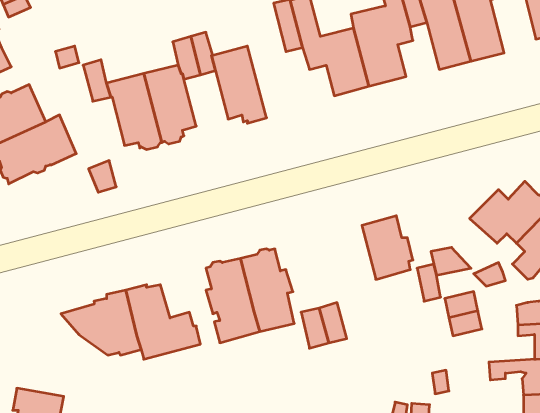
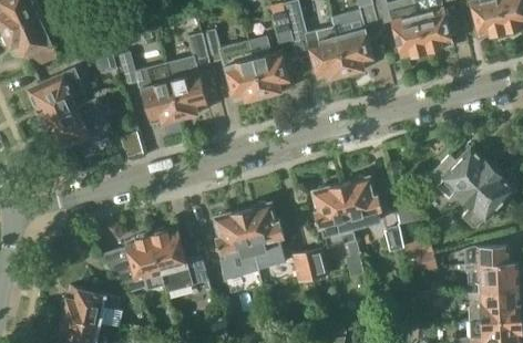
building: none -> [248,37,291,98]
building: none -> [314,185,359,257]
building: none -> [61,285,123,325]

